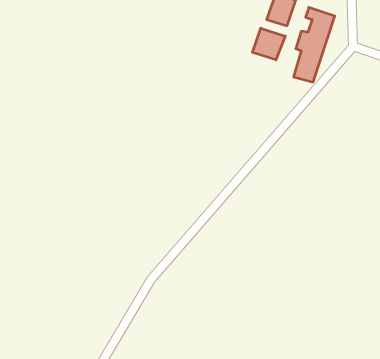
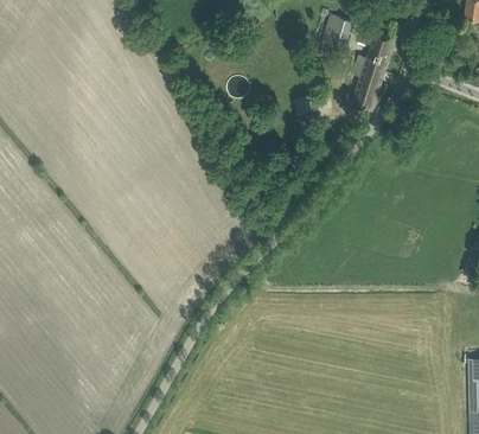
building: [252,28,285,60] -> none

